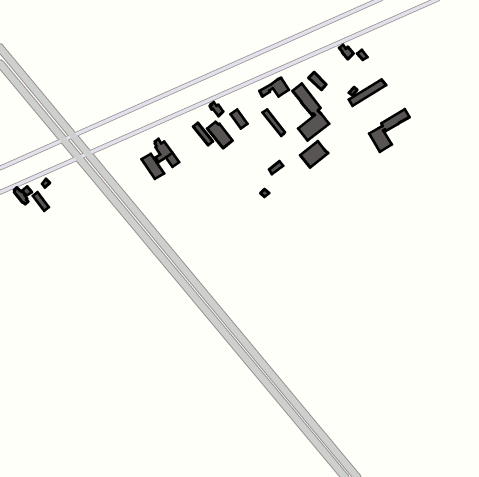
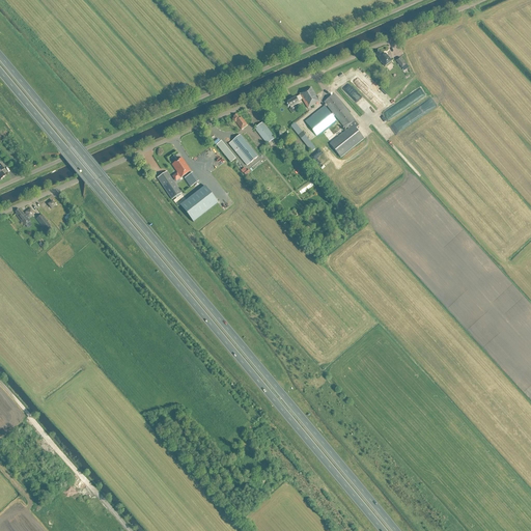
building: [369,109,409,152] -> none
building: [300,141,328,167] -> [305,105,336,134]
building: none -> [179,185,218,221]

